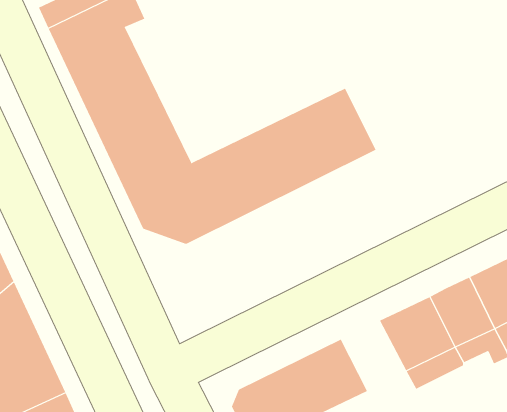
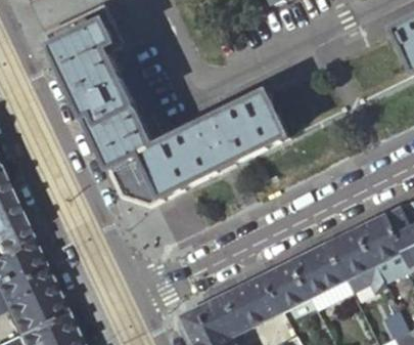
building: none -> [265,260,312,311]

